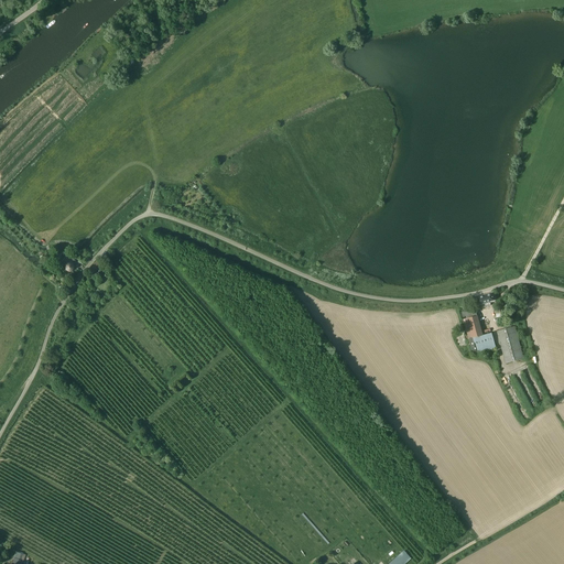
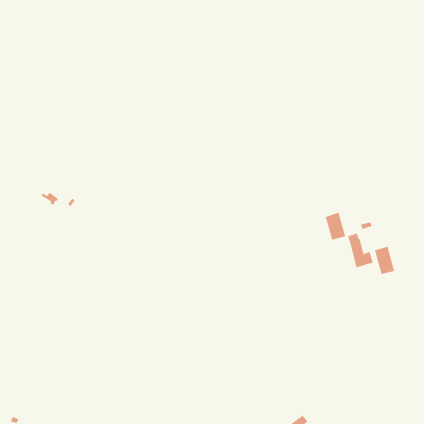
building: none -> [325,212,346,240]

